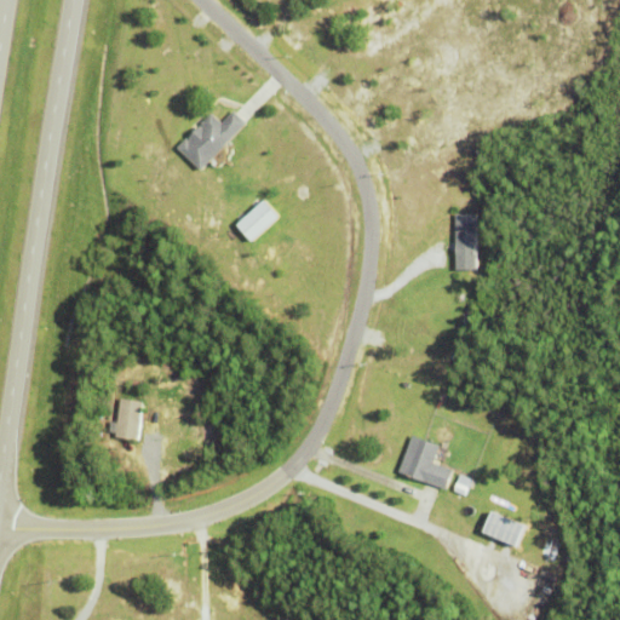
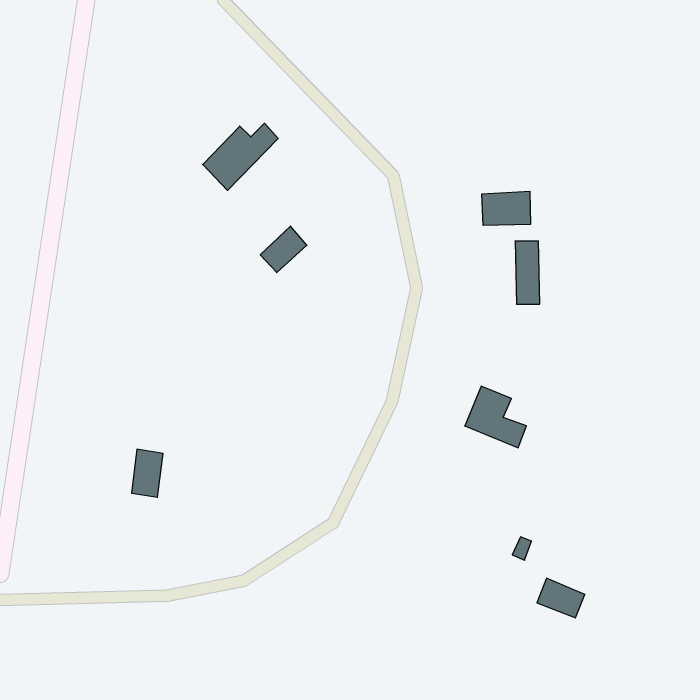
building: none -> [482,191,530,225]
building: [398,435,453,489] -> [465,386,526,448]

